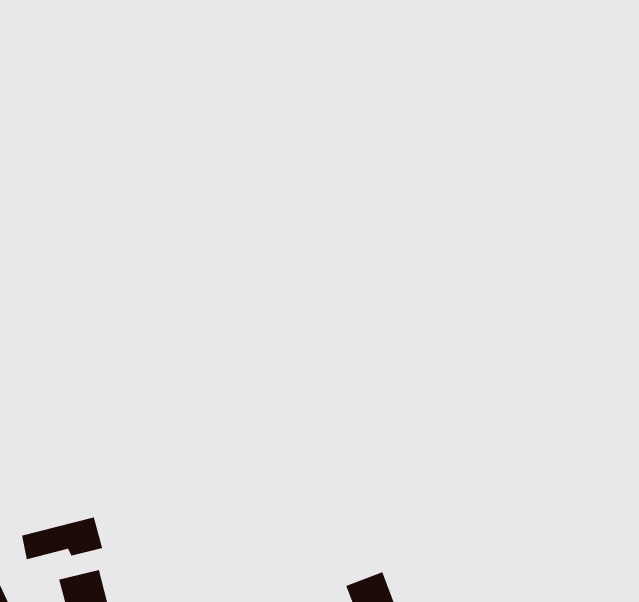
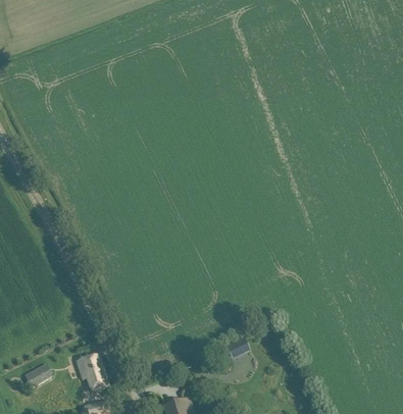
building: [21,517,103,560] -> none

